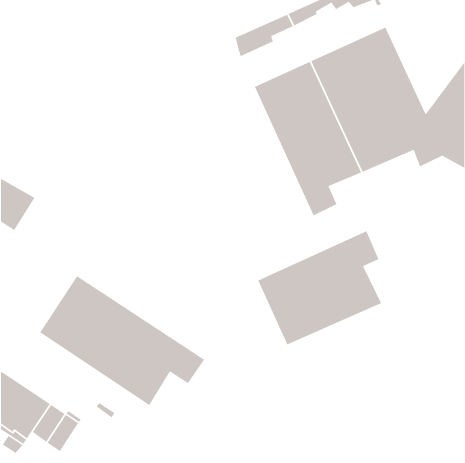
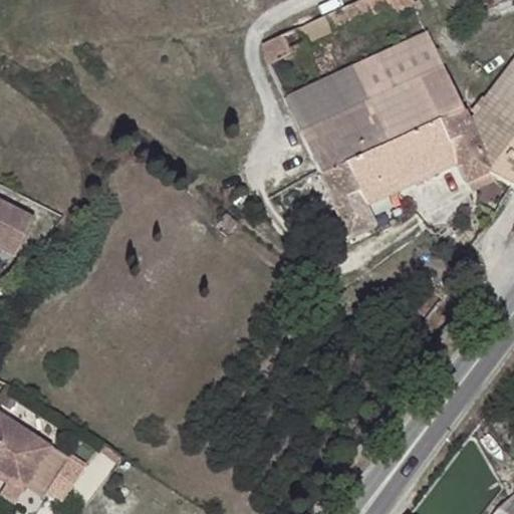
building: [257,230,382,346] -> none
building: [39,275,205,406] -> none

